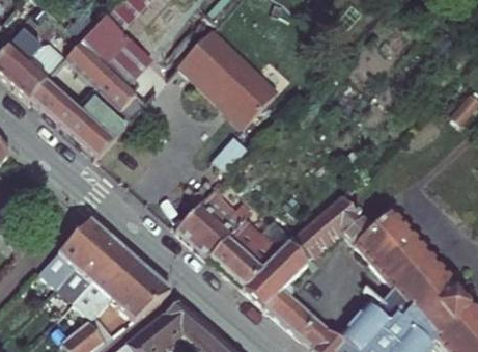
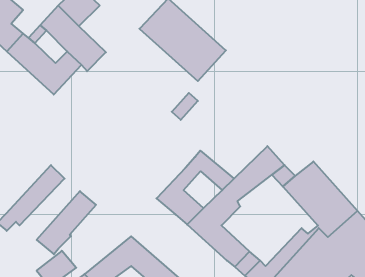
building: [85,105,134,155] -> none
building: [169,196,236,261] -> none
building: [46,236,115,306] -> none
building: [104,266,165,322] -> none

